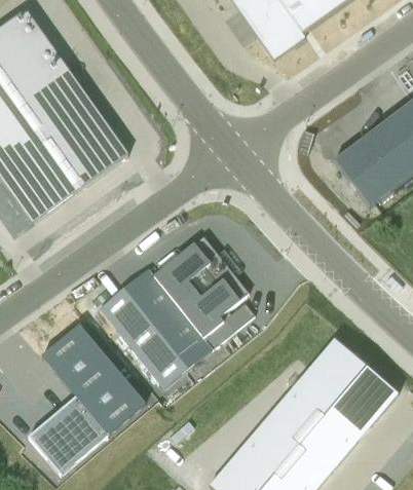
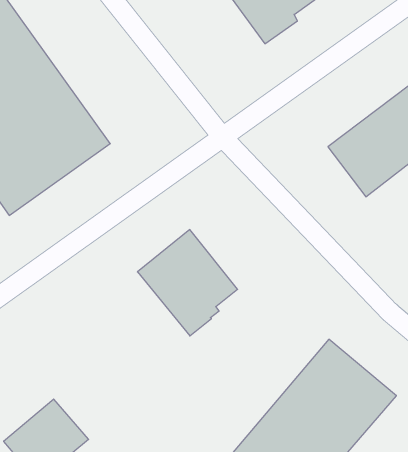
building: [100,268,255,386] -> none
building: [41,324,145,435] -> none

